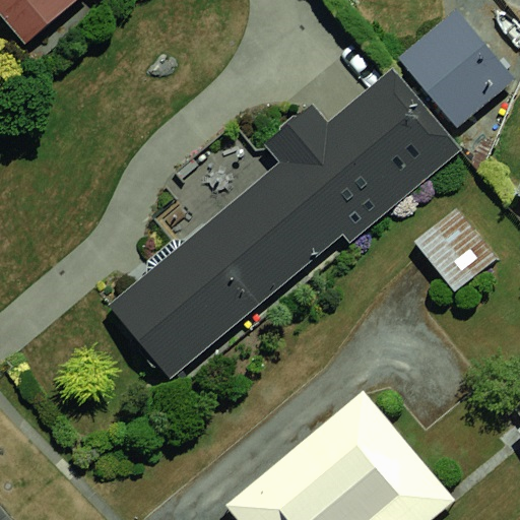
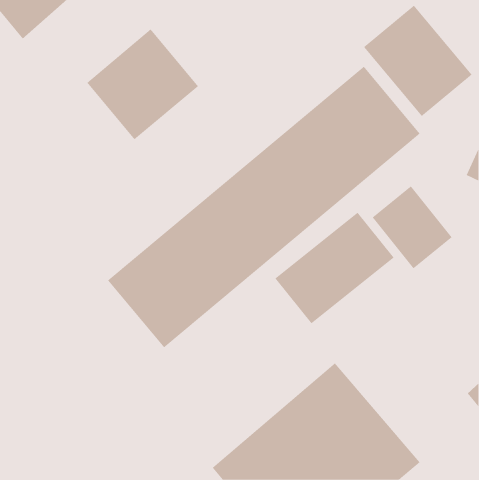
building: none -> [86,29,199,140]
building: none -> [274,212,395,324]

